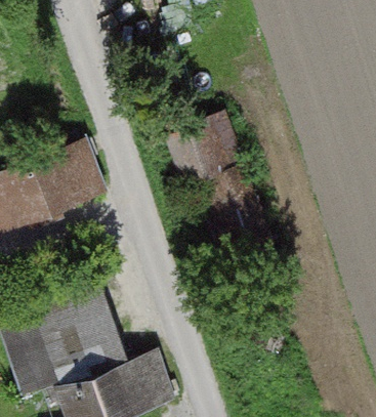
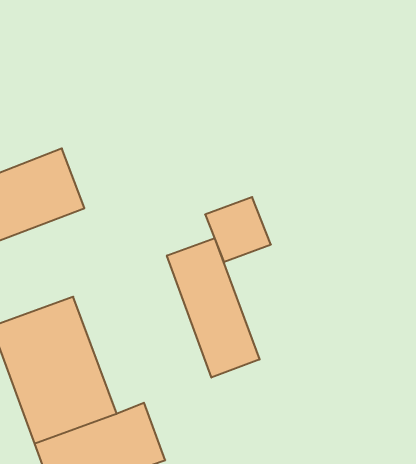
building: none -> [167,238,260,378]

